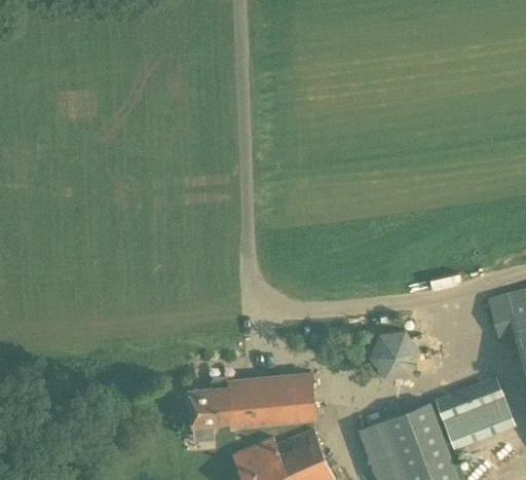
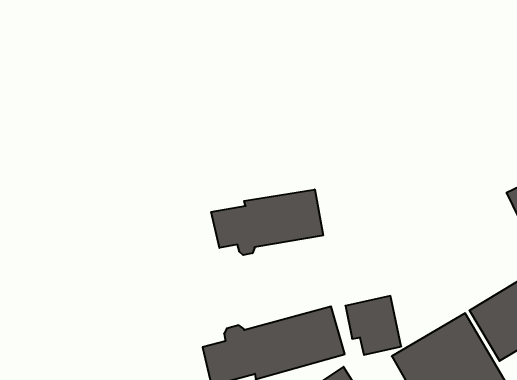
building: none -> [211,189,323,255]
building: [370,330,414,379] -> [345,296,401,355]

